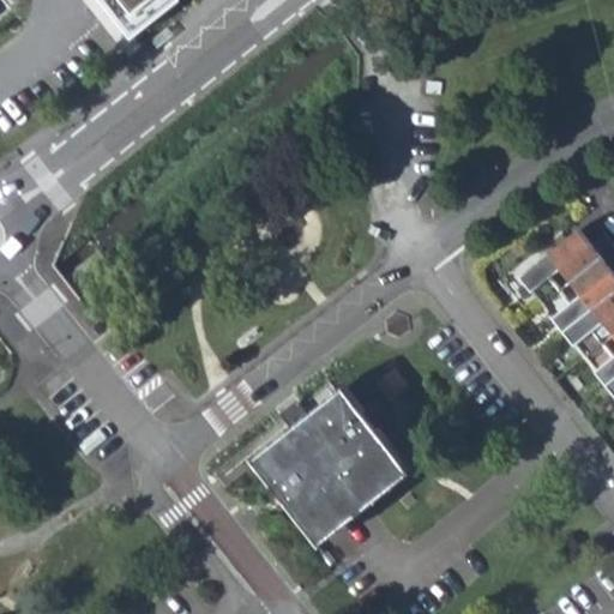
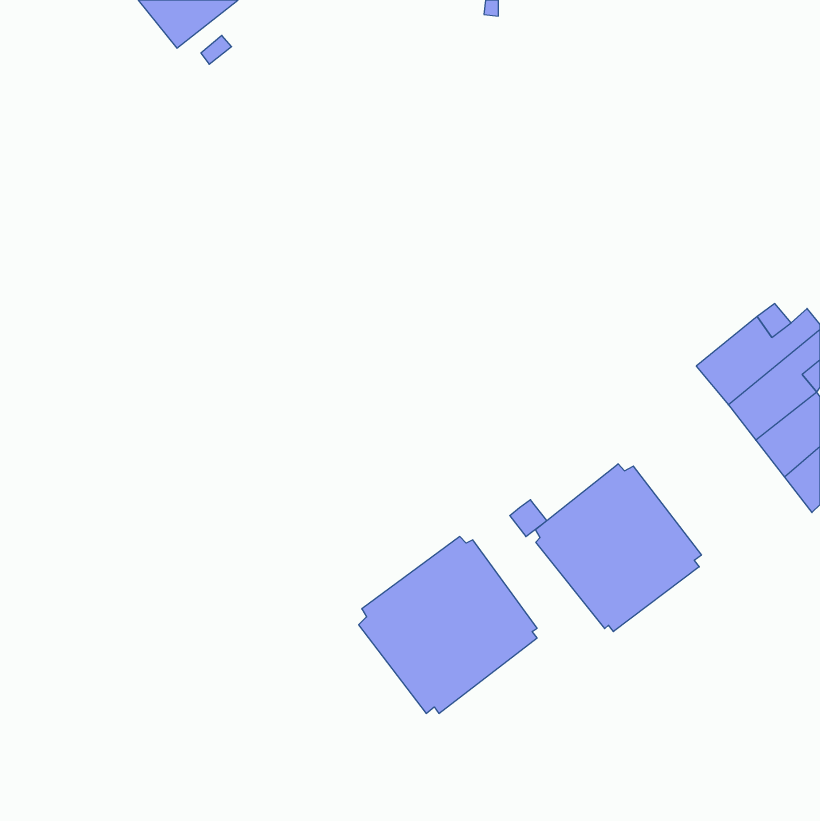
building: none -> [535,464,701,632]

